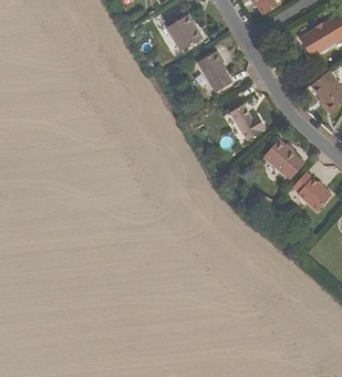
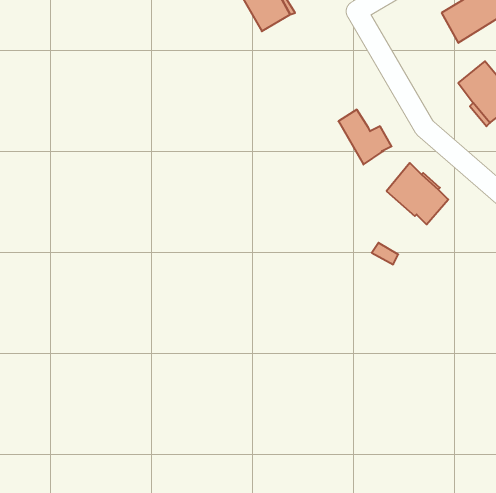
building: [191,52,226,94] -> none
building: [291,170,330,210] -> none

